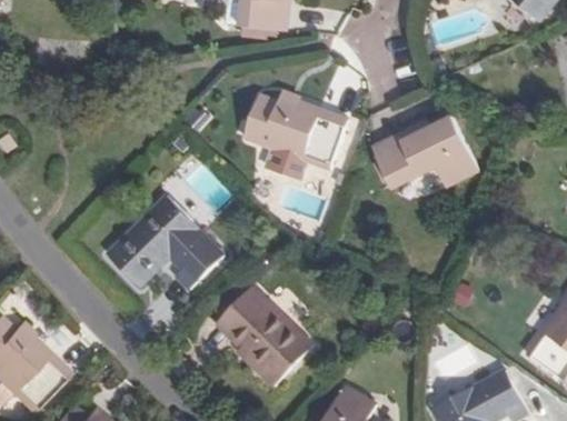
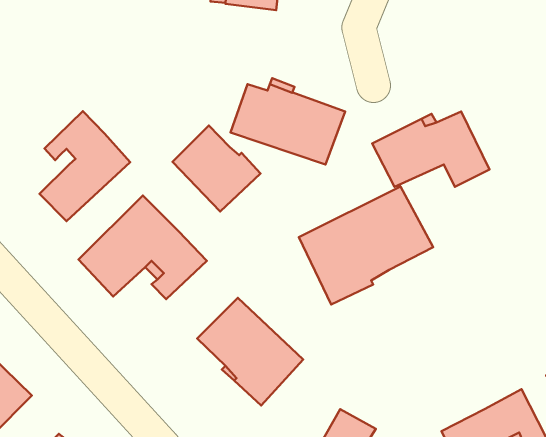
building: none -> [40,111,130,221]
building: none -> [173,125,260,211]
building: none -> [299,186,433,304]

